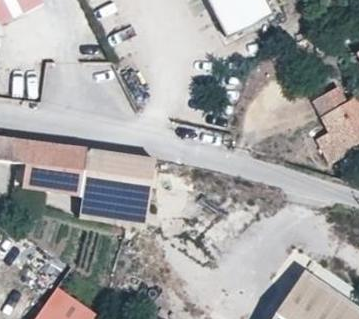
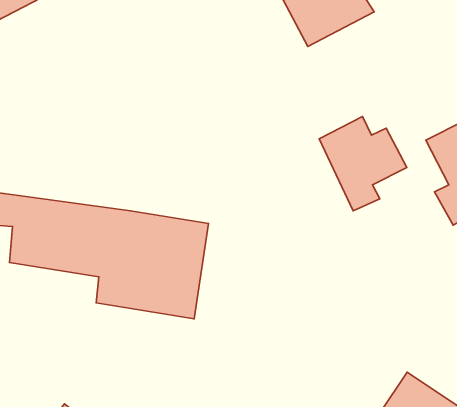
building: none -> [319,117,407,211]

